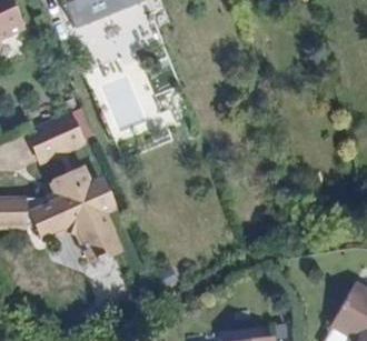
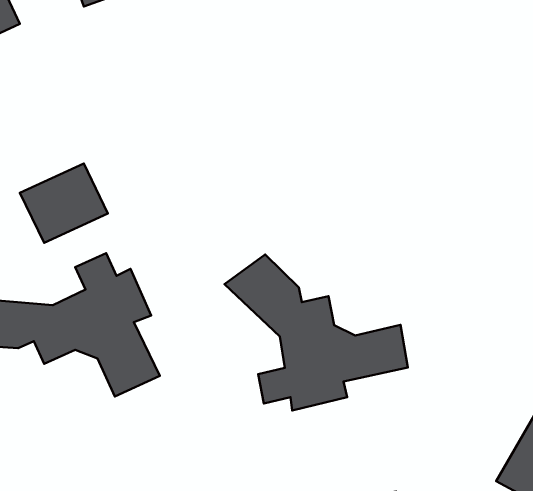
building: none -> [225,254,408,411]

